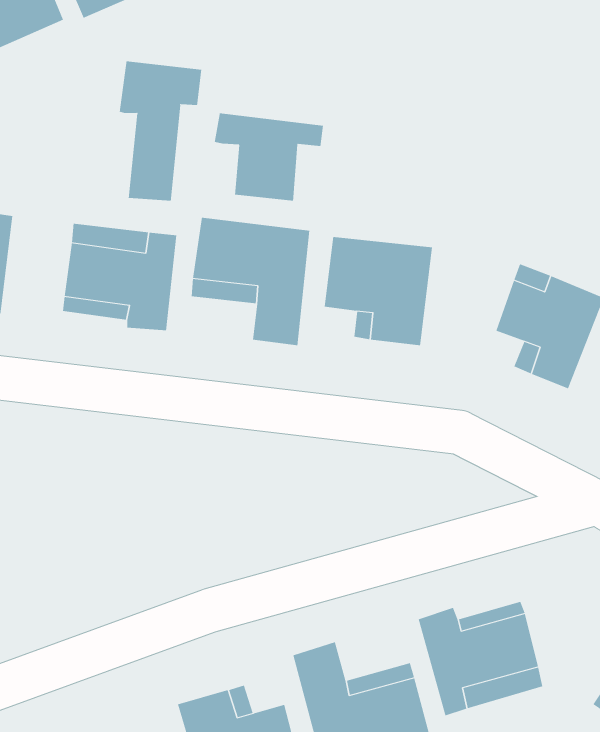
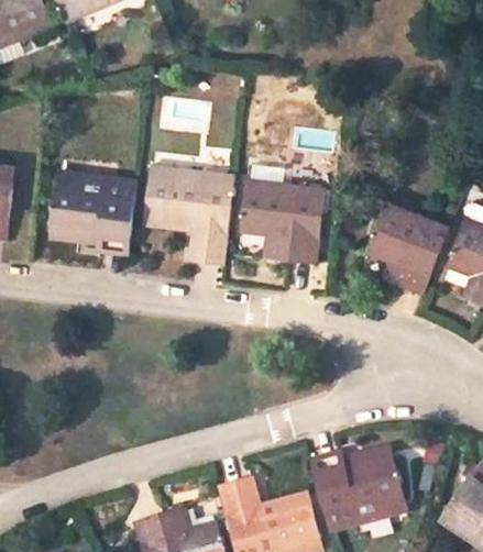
building: [119,60,202,202] -> none
building: [214,112,324,201] -> none

